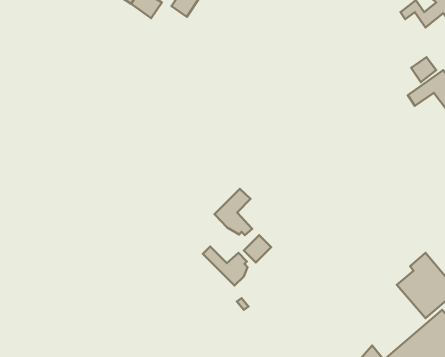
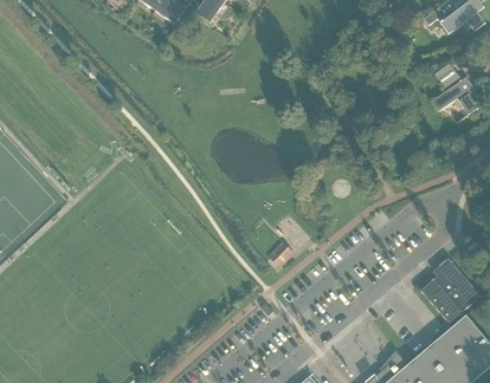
building: [215,189,252,235] -> none
building: [203,247,248,285] -> none

